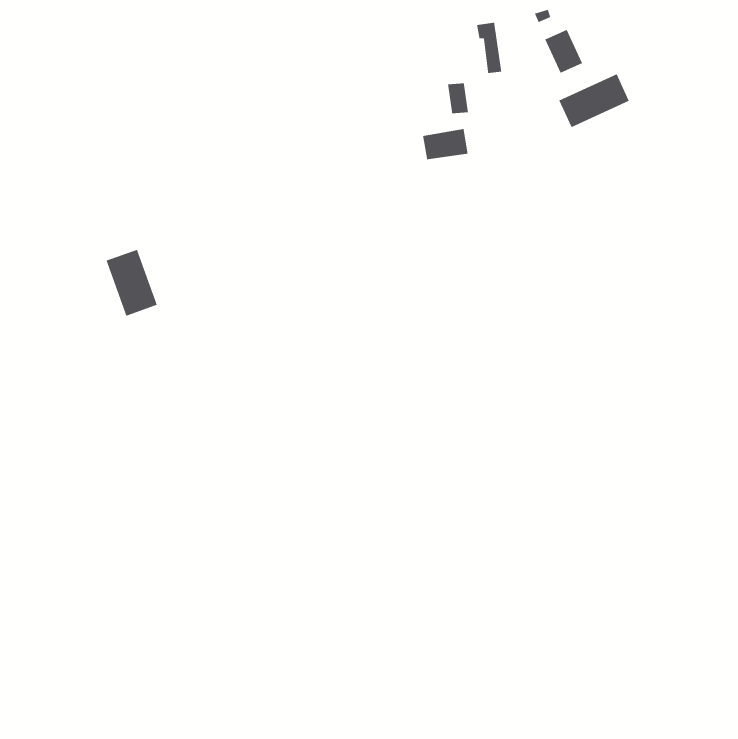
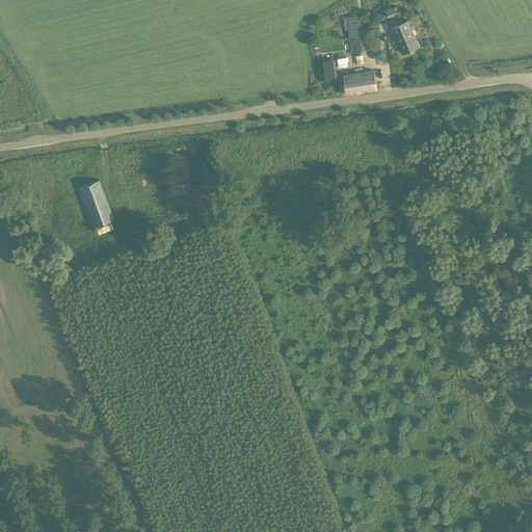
building: [558,73,630,128] -> none
building: [422,128,469,160] -> [343,71,376,94]

